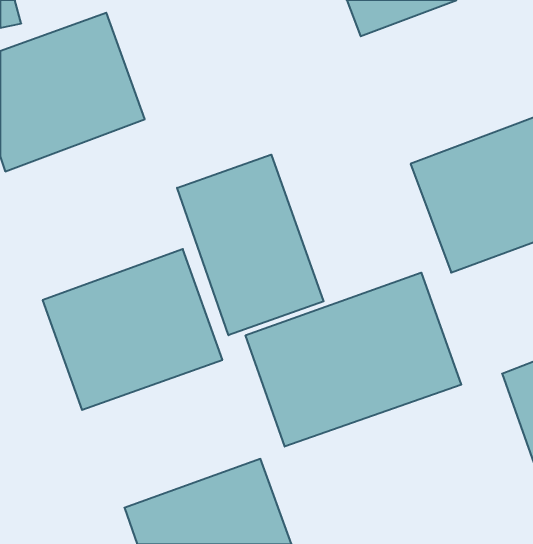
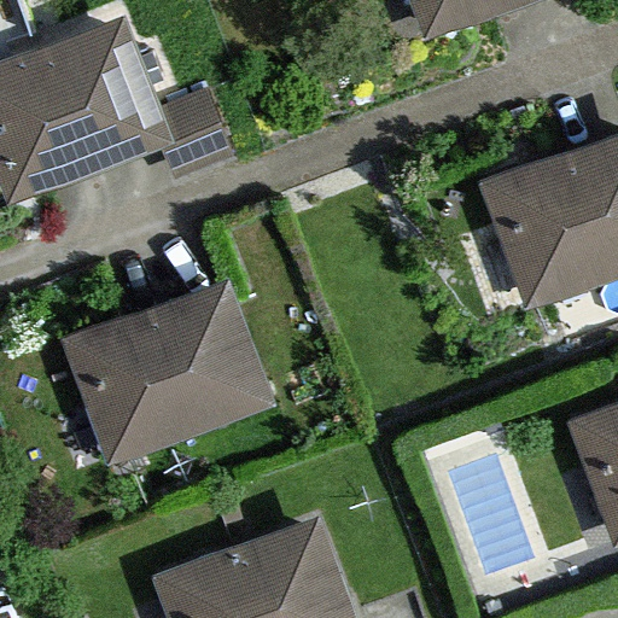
building: [177,155,324,335] -> none
building: [246,273,461,447] -> none

